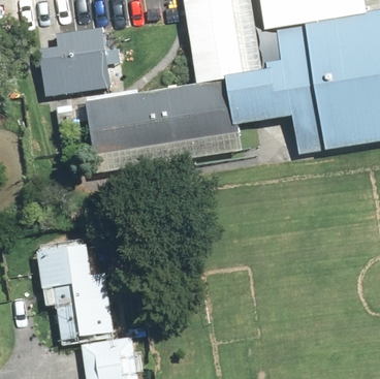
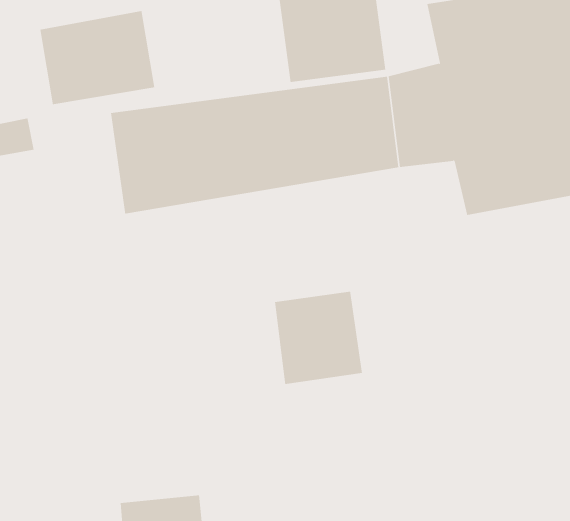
building: none -> [275,291,362,385]
building: [39,246,121,341] -> none

